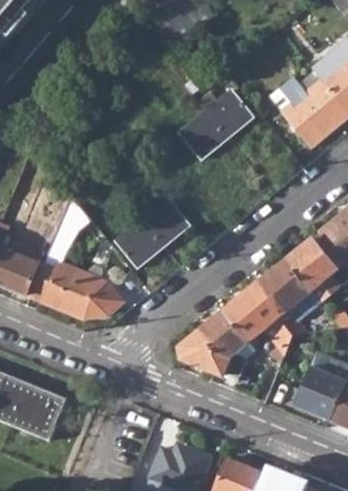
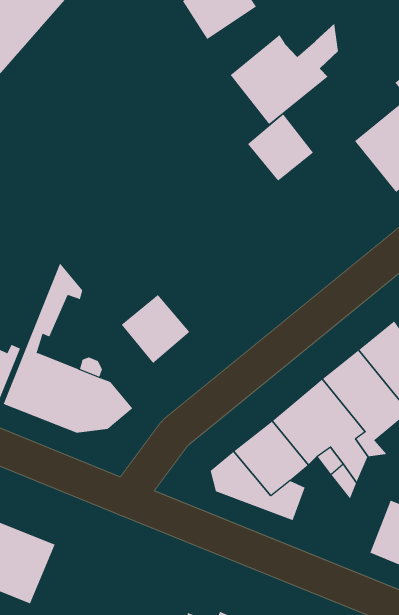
building: none -> [230,23,339,125]
building: [179,109,227,157] -> none
building: [141,195,190,244] -> none

